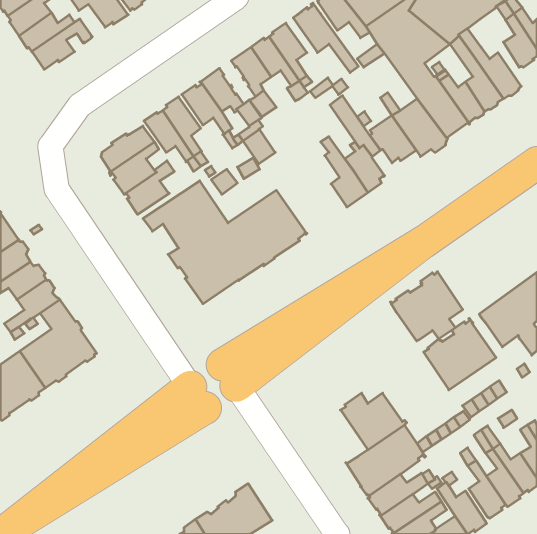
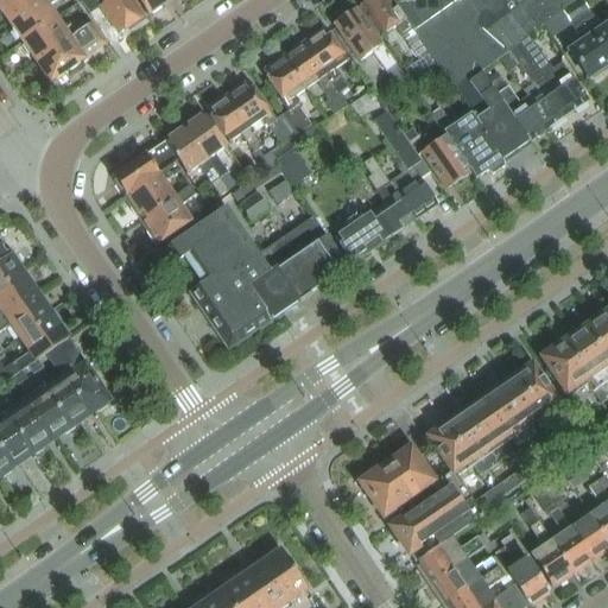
building: none -> [334,208,392,261]
building: [390,272,463,341] -> [425,398,507,476]
building: none -> [360,463,416,515]

